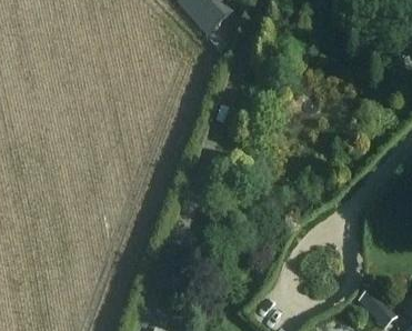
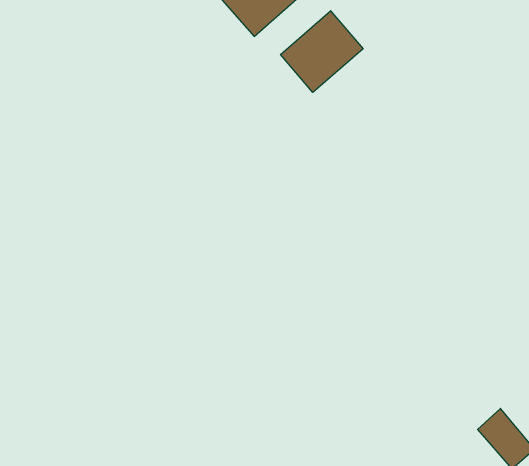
building: none -> [281,11,363,92]

